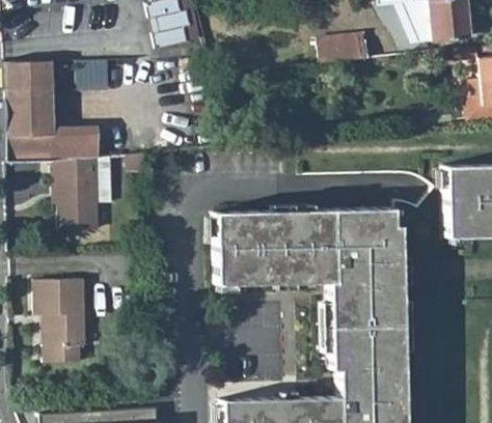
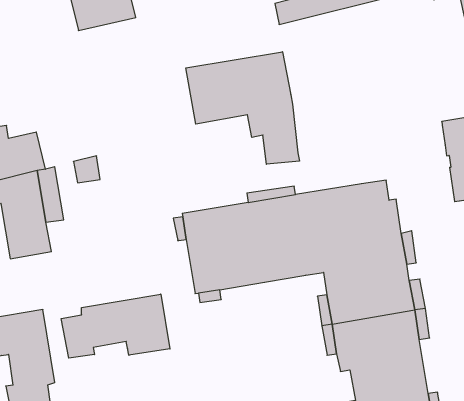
building: none -> [186,52,299,164]
building: none -> [61,294,170,358]

